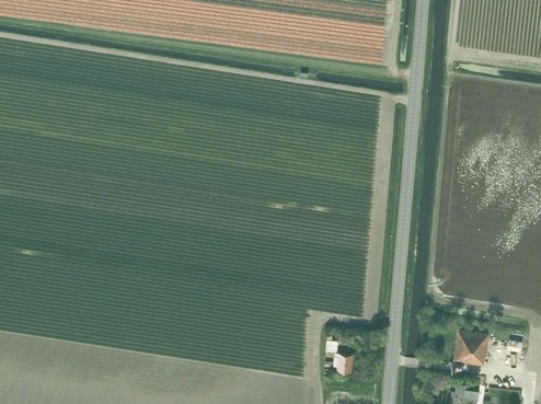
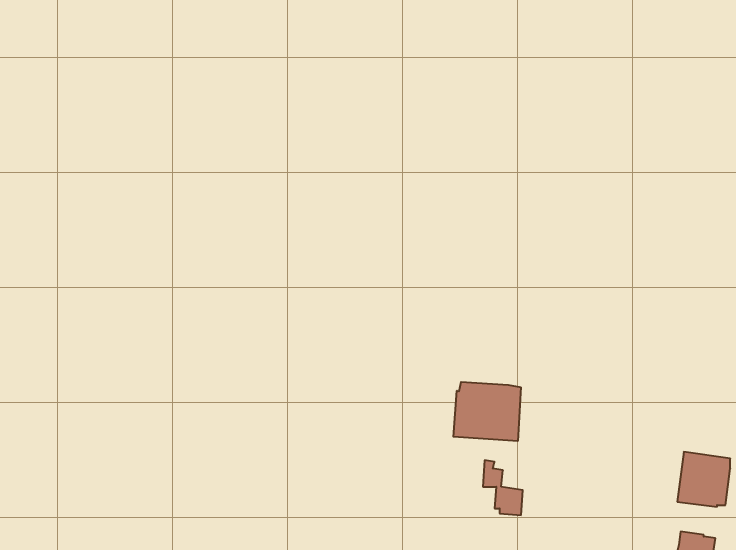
building: none -> [453,382,521,441]

